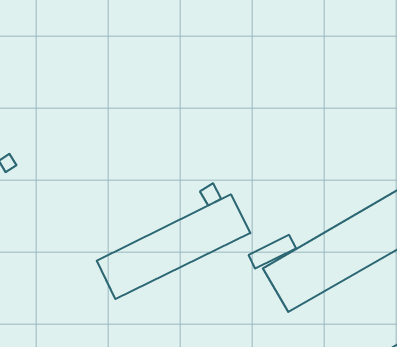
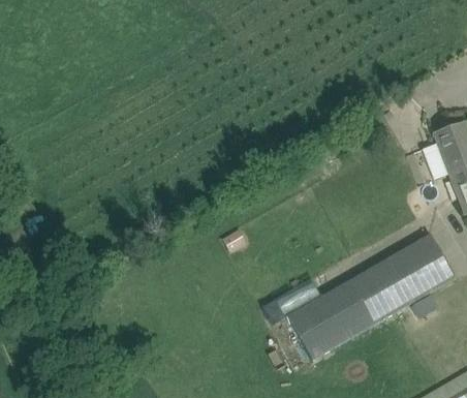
building: [97,194,250,299] -> none

